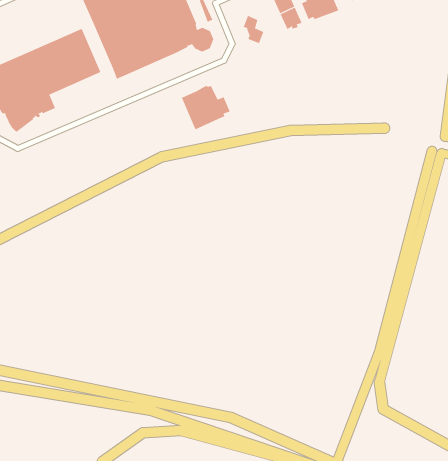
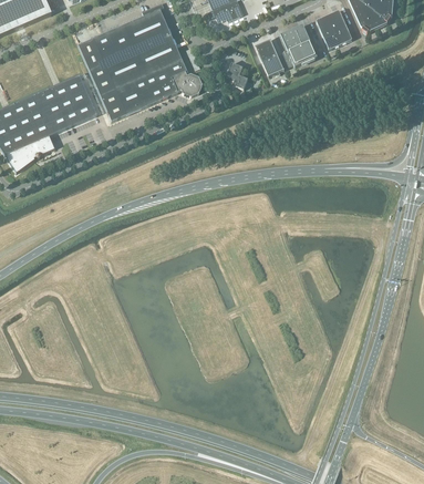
building: [181,85,230,130] -> none

